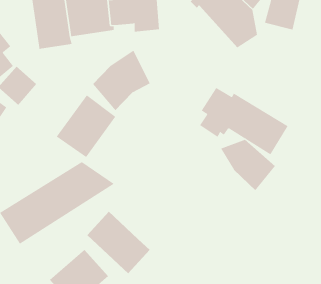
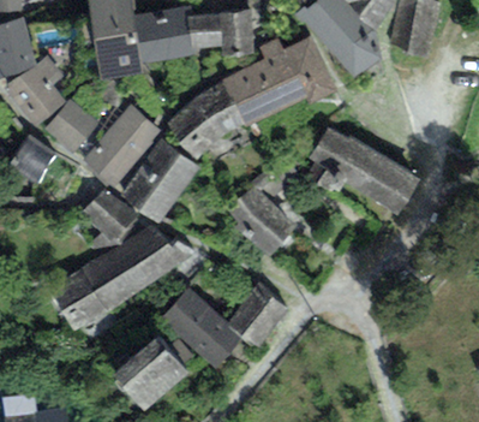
building: none -> [221,36,336,127]
building: none -> [83,105,160,185]
building: none -> [80,189,138,243]
building: [220,139,276,191] -> [224,189,297,256]
building: none -> [227,283,287,349]

